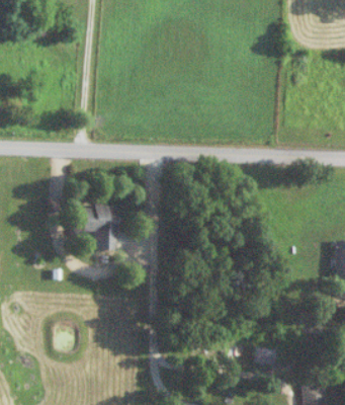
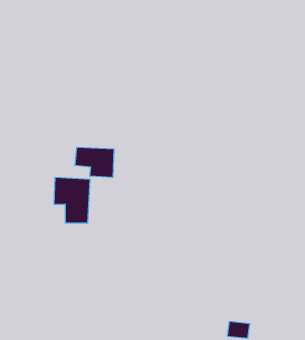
building: none -> [75,147,114,177]

